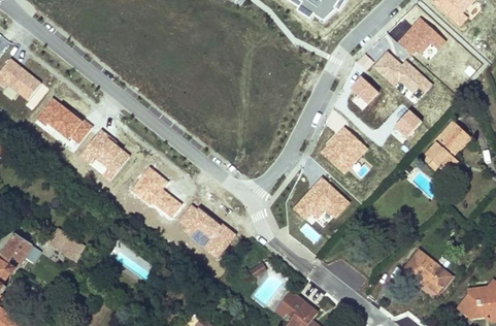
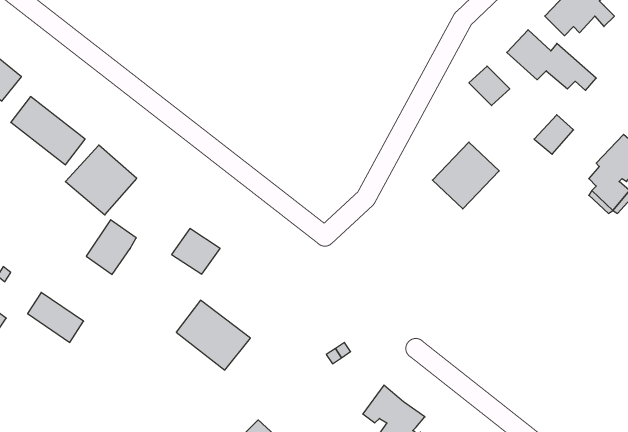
building: [128,166,162,203] -> [86,220,136,274]
building: [295,177,349,218] -> none
building: [185,206,235,254] -> [176,300,250,370]
building: [403,252,451,293] -> none

